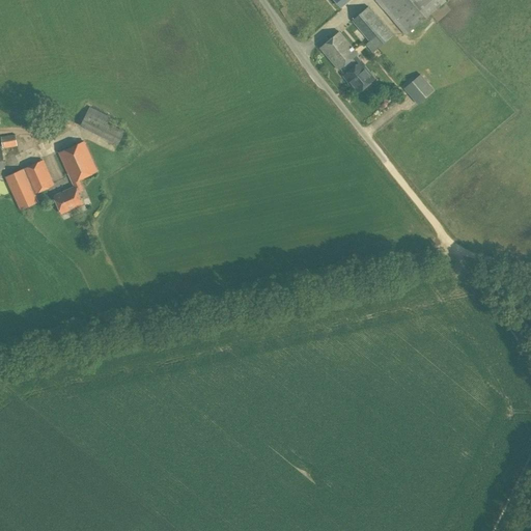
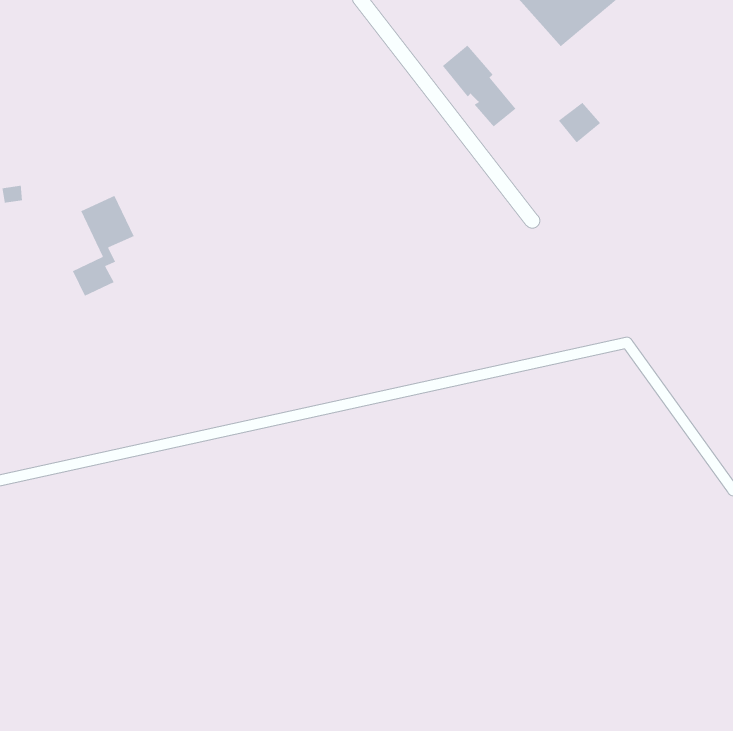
building: [352,6,393,49] -> none
building: [81,112,124,144] -> none
building: [5,160,54,209] -> none

